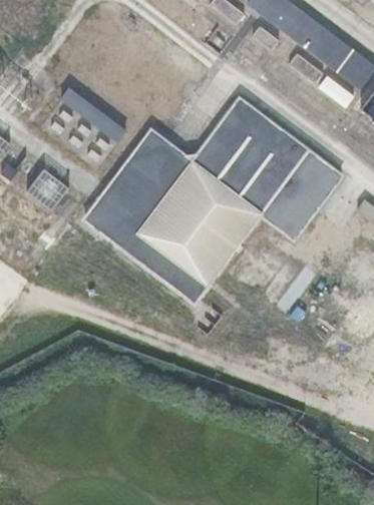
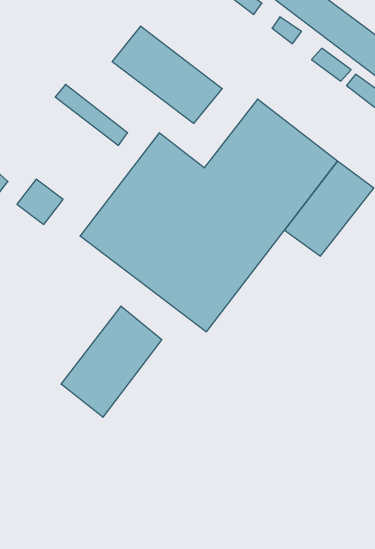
building: none -> [112,26,222,123]
building: none -> [61,306,162,417]

